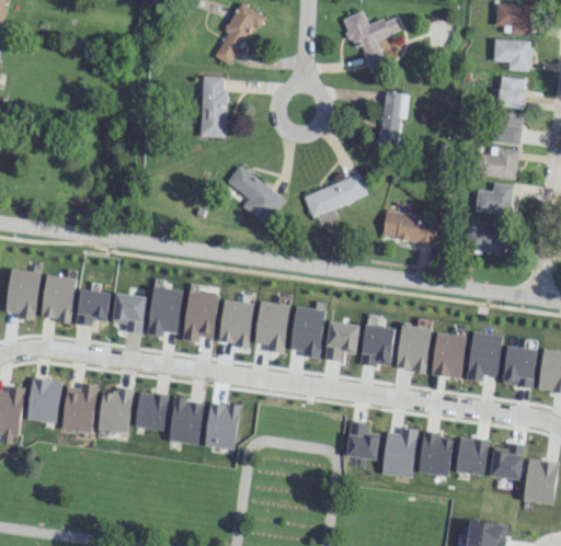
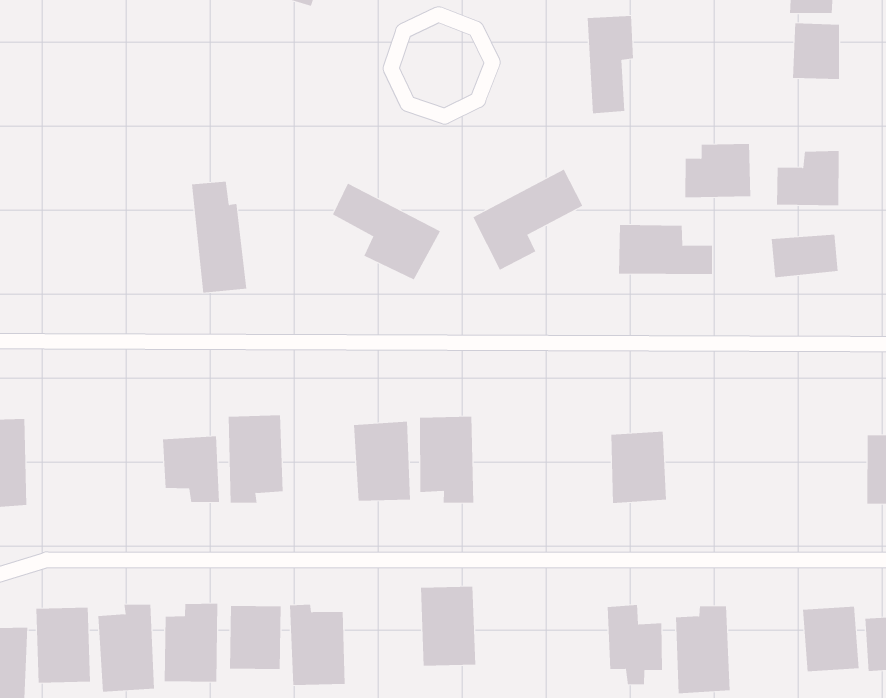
building: [201,76,227,138] -> [191,181,247,293]
building: [478,147,518,180] -> [684,144,751,198]
building: [42,275,75,321] -> none
building: [76,289,111,326] -> none
building: [182,291,219,342] -> none
building: [290,307,324,359] -> none
building: [324,321,360,362] -> none
building: [397,325,431,372] -> none
building: [467,331,503,382] -> none
building: [431,332,467,378] -> none
building: [205,402,239,450] -> [420,586,476,666]
building: [419,431,451,476] -> none

